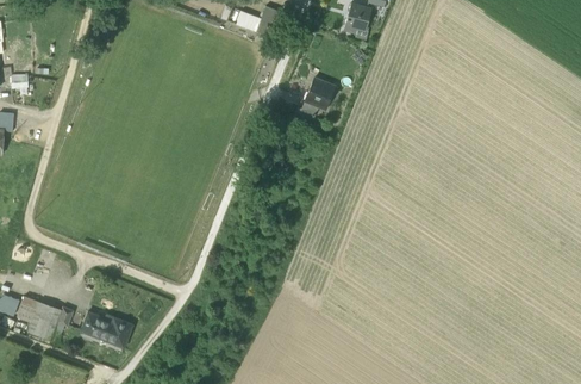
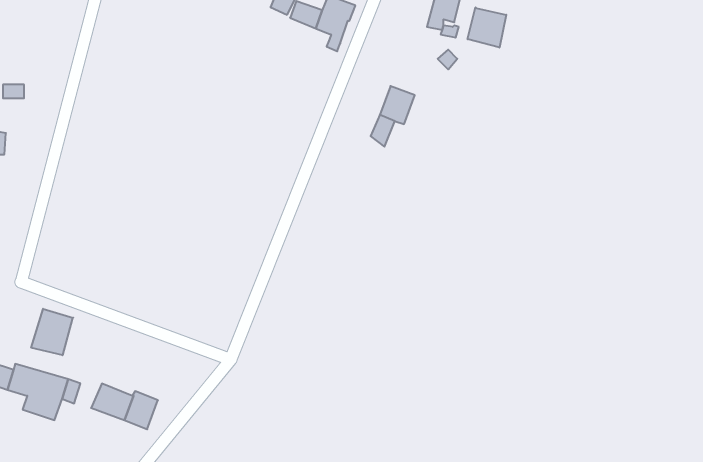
building: none -> [468,7,506,48]
building: none -> [31,309,73,355]

